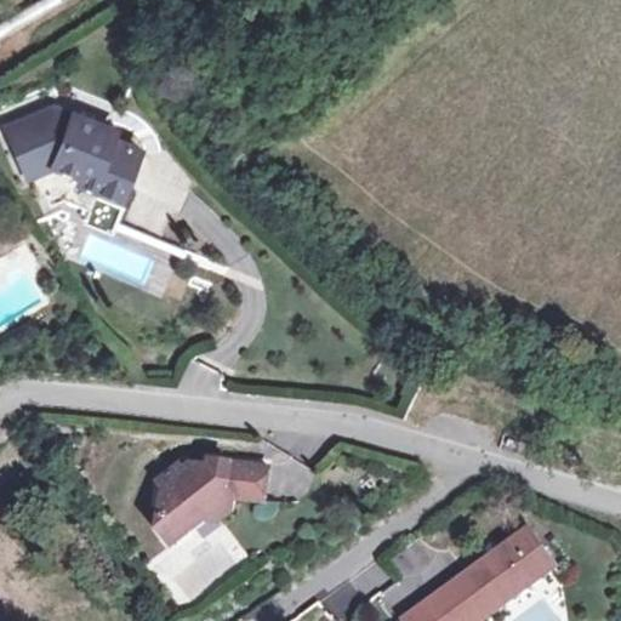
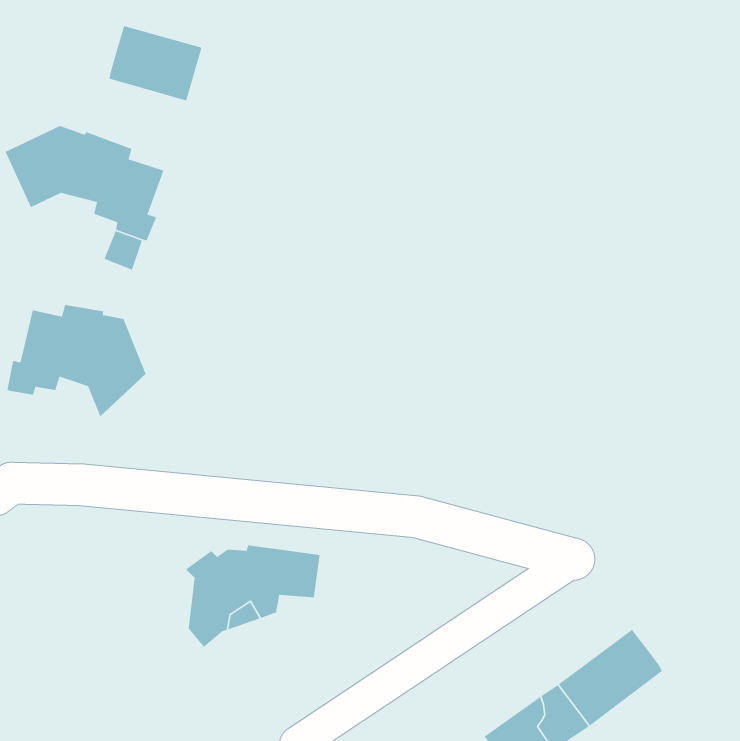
building: none -> [109,25,202,102]
building: none -> [6,304,147,417]

